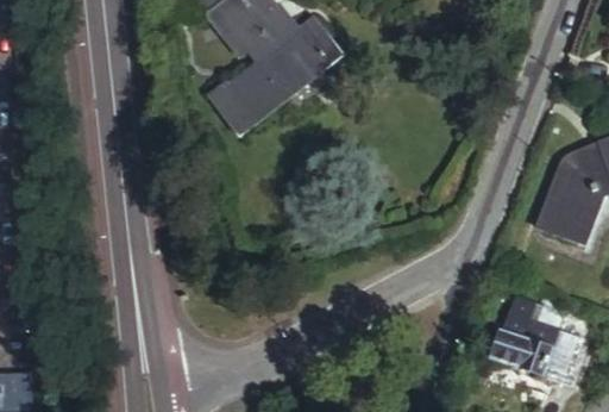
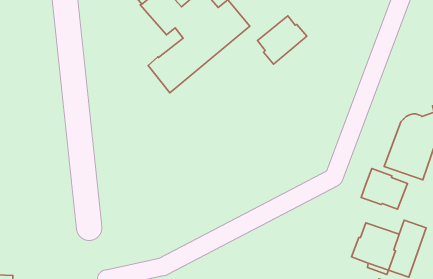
building: none -> [257,16,307,64]
building: none -> [361,169,408,209]

